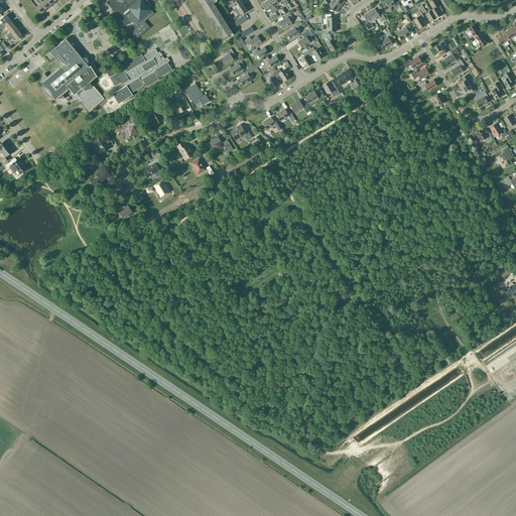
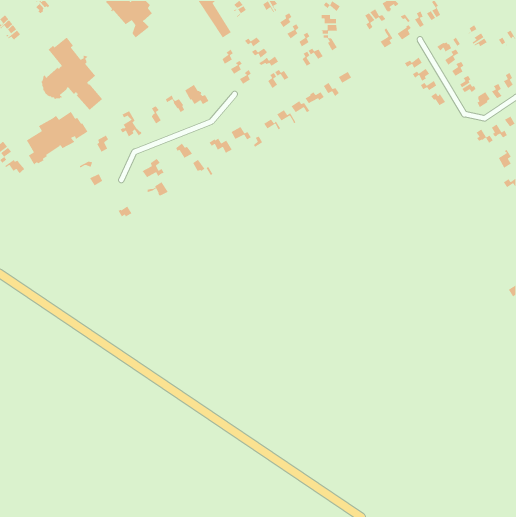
building: [109,48,171,103] -> [26,111,89,165]

